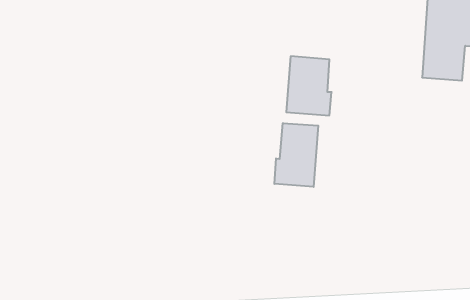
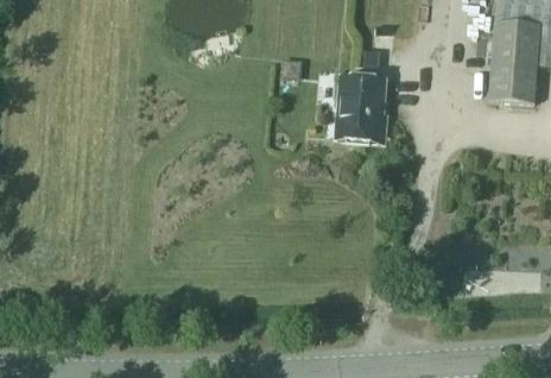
building: [274,123,318,187] -> none

